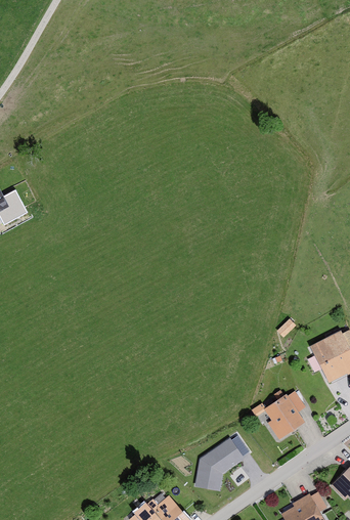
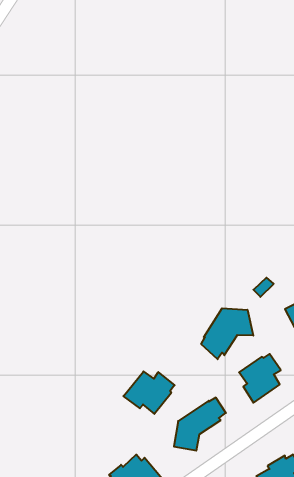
building: none -> [201,308,253,359]
building: none -> [123,371,175,414]

